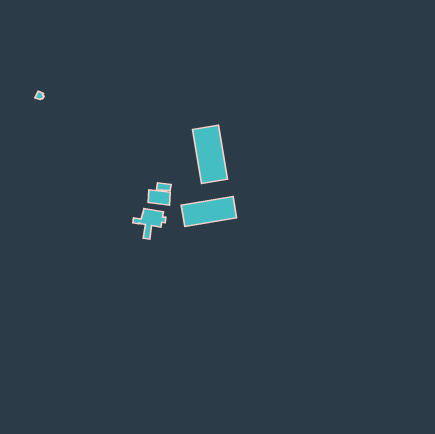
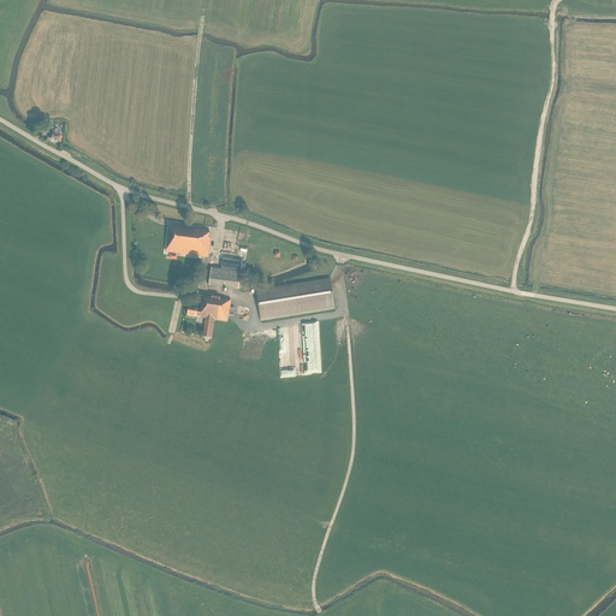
building: [193,125,227,183] -> none
building: none -> [166,226,211,261]

